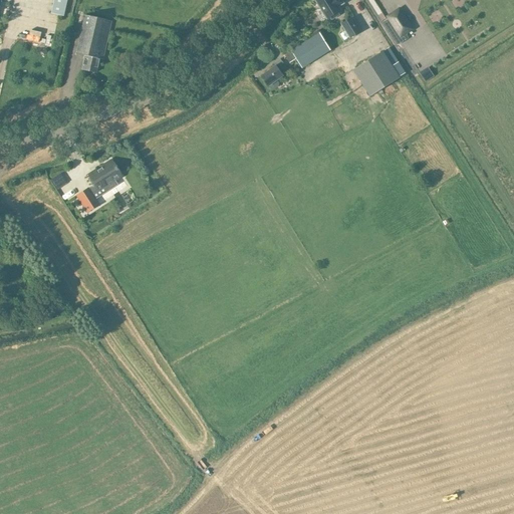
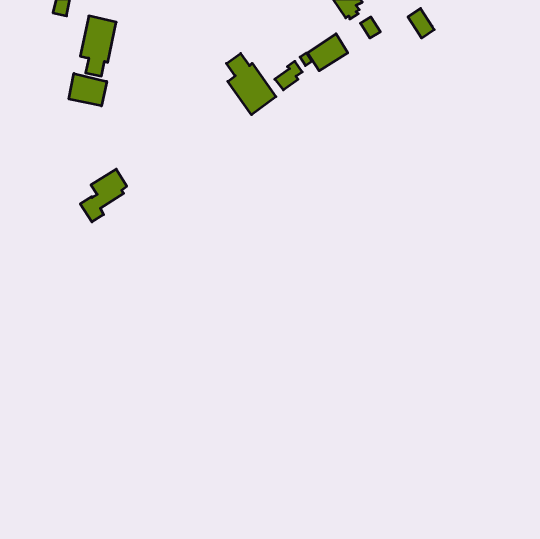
building: [353,47,406,95] -> none
building: none -> [226,53,276,115]
building: none -> [69,73,107,106]

